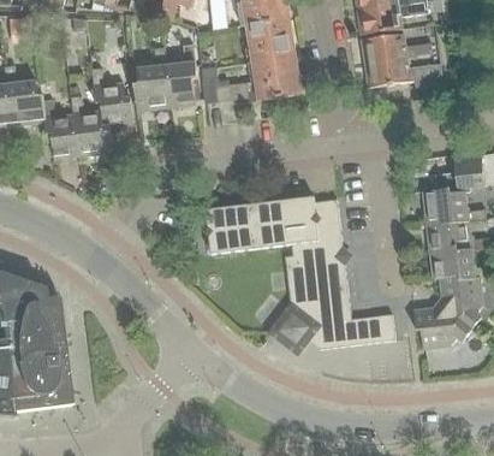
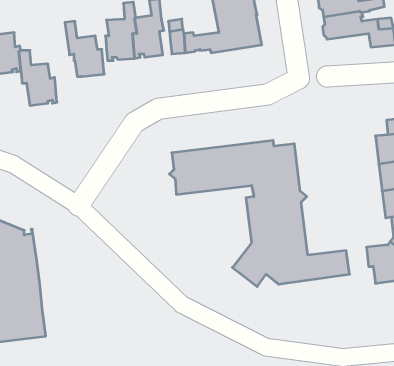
building: [71,94,113,153] -> none

